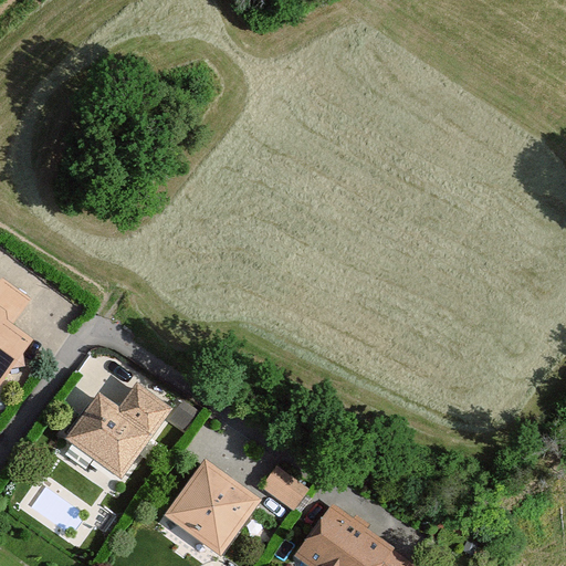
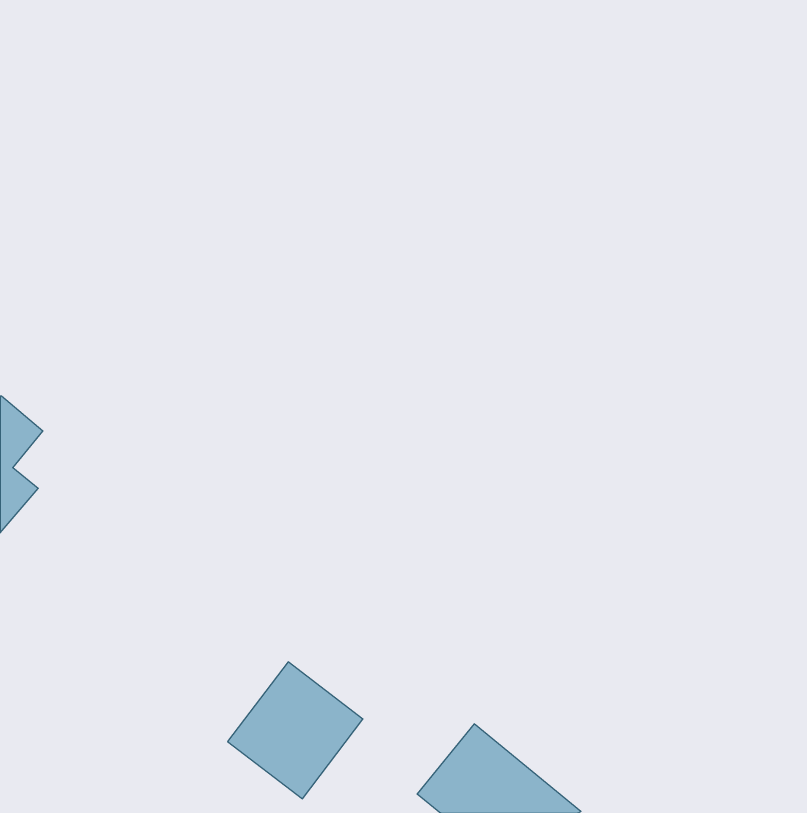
building: [63,384,170,480] -> none
building: [262,467,307,509] -> none

